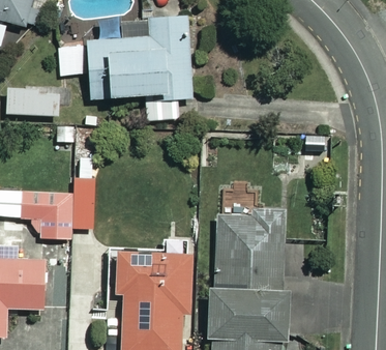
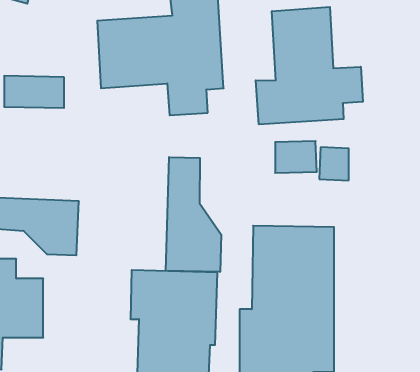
building: none -> [256,7,363,124]
building: none -> [166,157,221,272]

